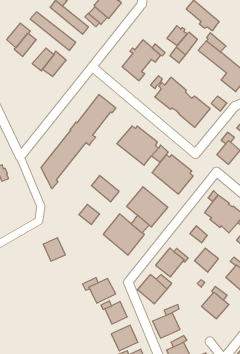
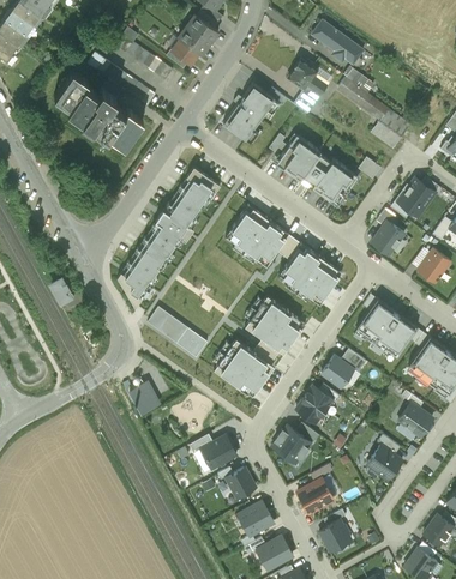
building: none -> [80,89,116,132]
building: [91,175,119,202] -> [148,307,188,344]
building: [194,248,218,272] -> [320,356,355,391]

